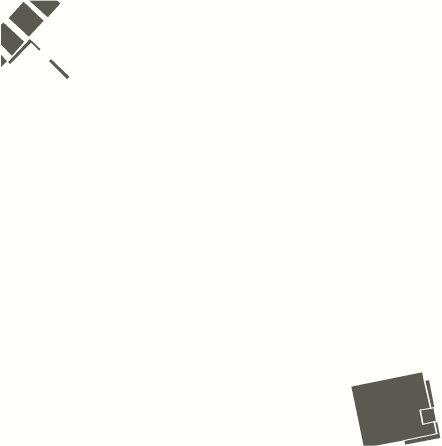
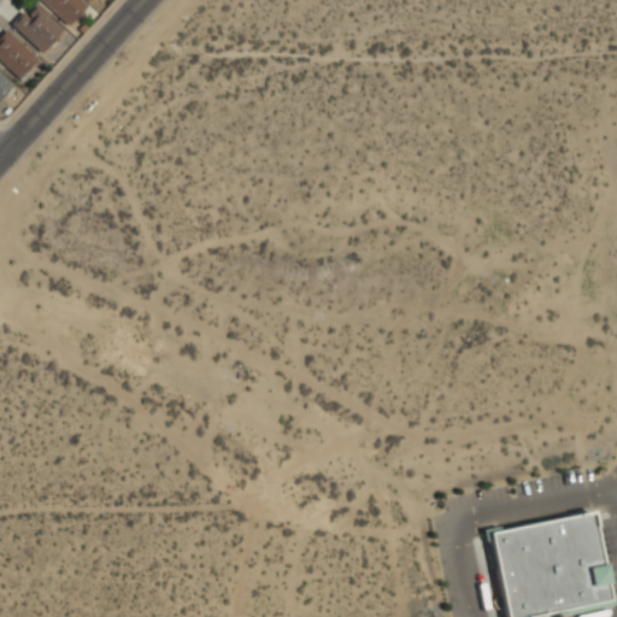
building: [7,38,70,80] -> none

